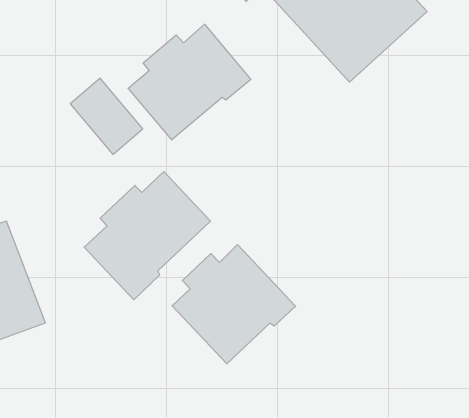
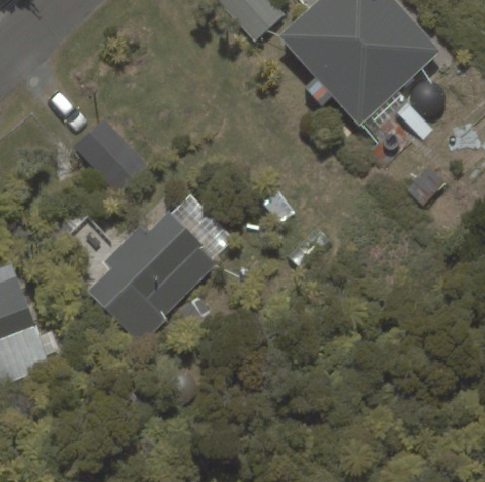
building: [128,24,251,140] -> none
building: [172,245,296,364] -> none

